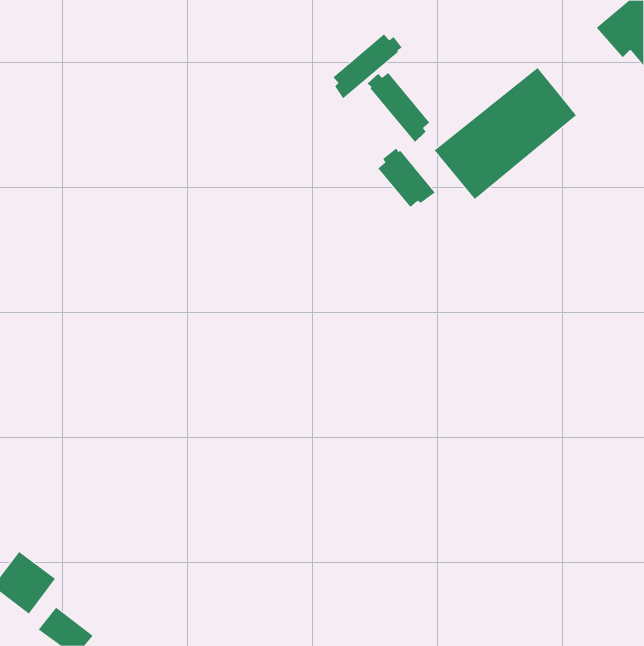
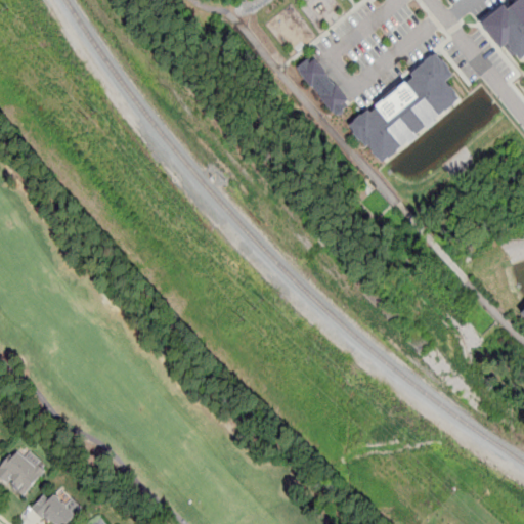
building: [333,34,403,99] -> none
building: [377,147,436,208] -> none

